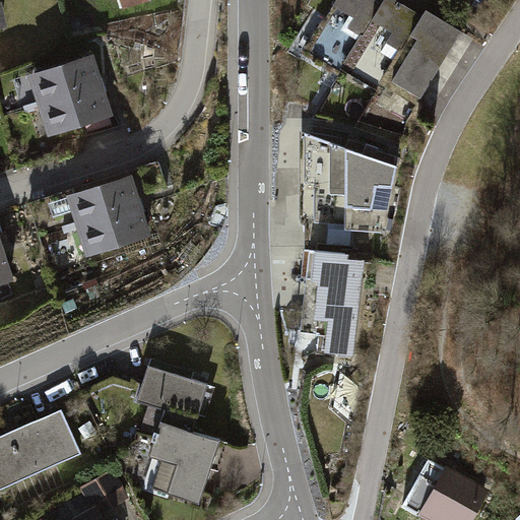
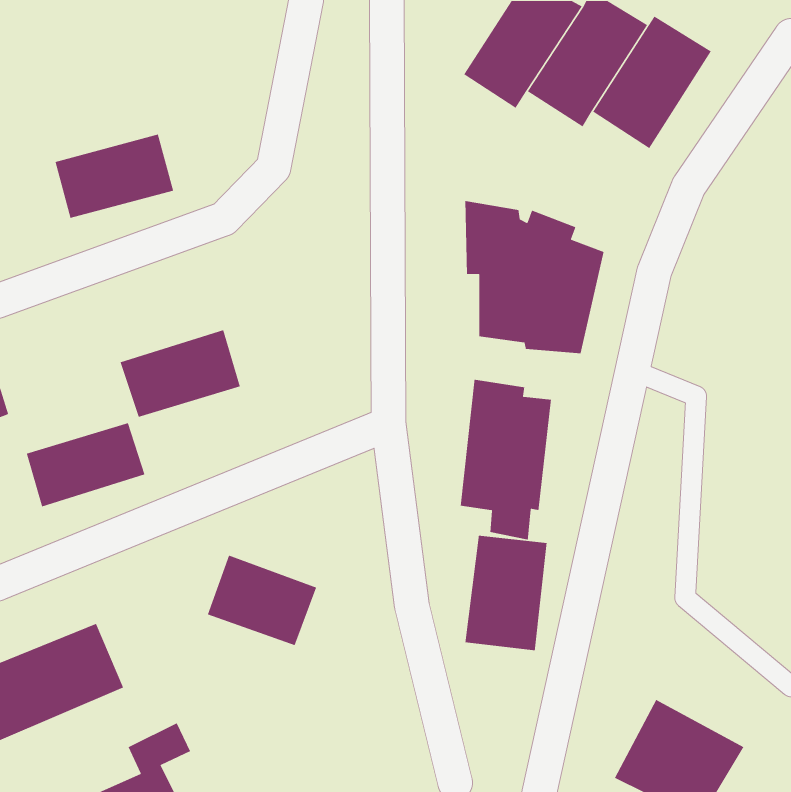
building: [26,53,104,107] -> none
building: [68,182,146,238] -> [26,422,146,507]
building: none -> [464,535,548,651]
building: [147,419,220,505] -> none

